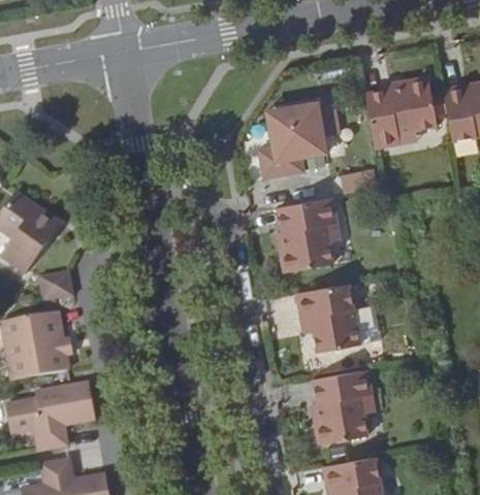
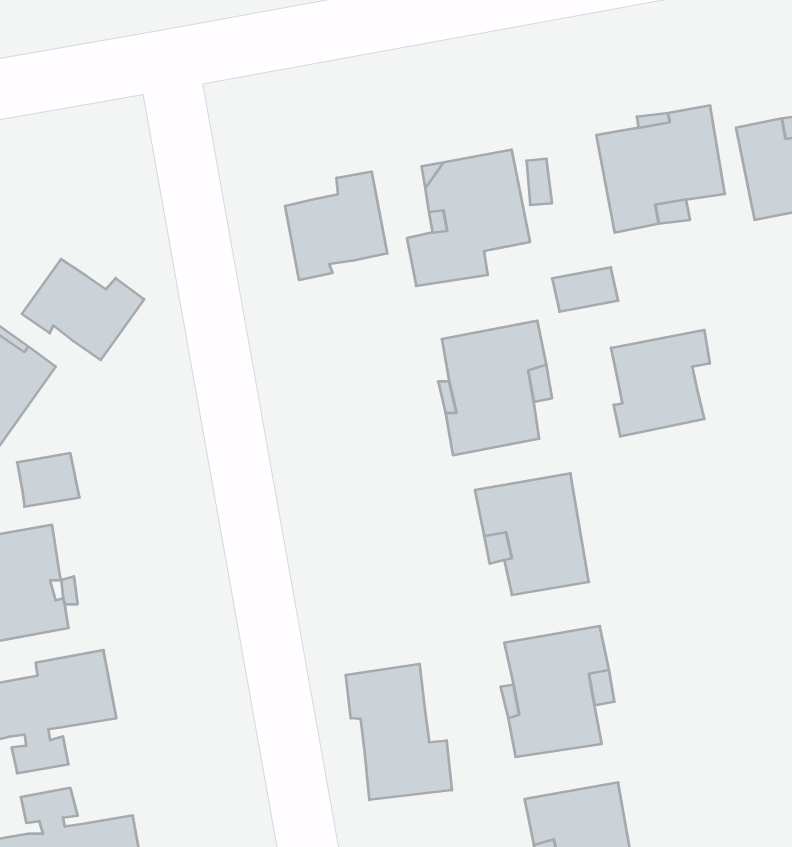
building: none -> [285,172,387,280]
building: none -> [22,259,144,360]
building: none -> [611,330,710,437]
building: none -> [346,664,452,800]

